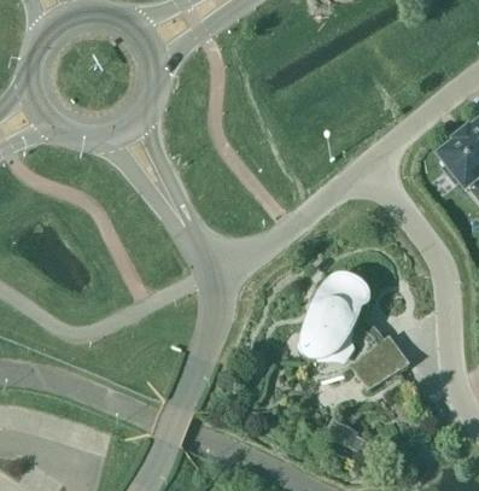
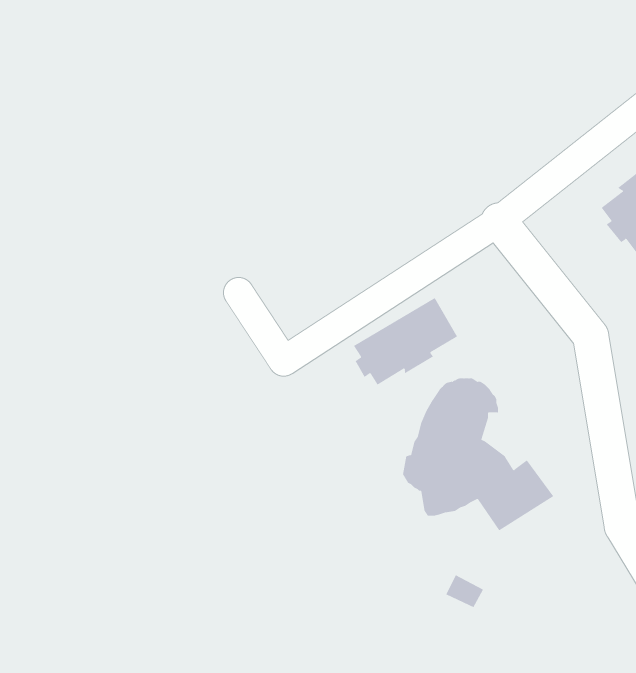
building: none -> [353,297,458,385]

